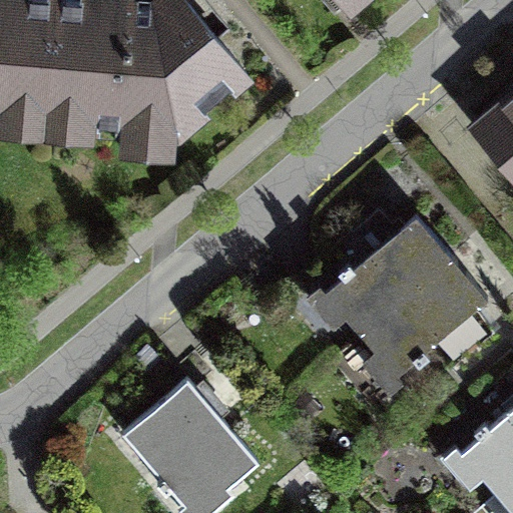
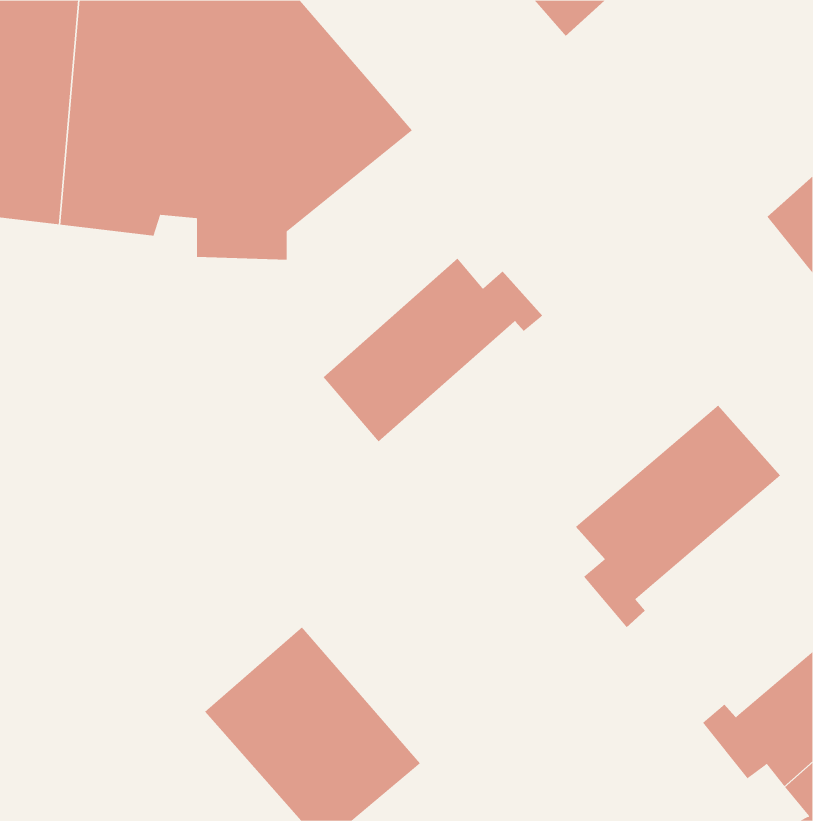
building: none -> [323,258,543,442]
building: [309,214,448,329] -> none

